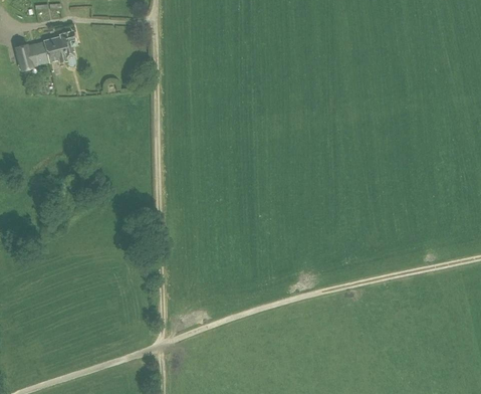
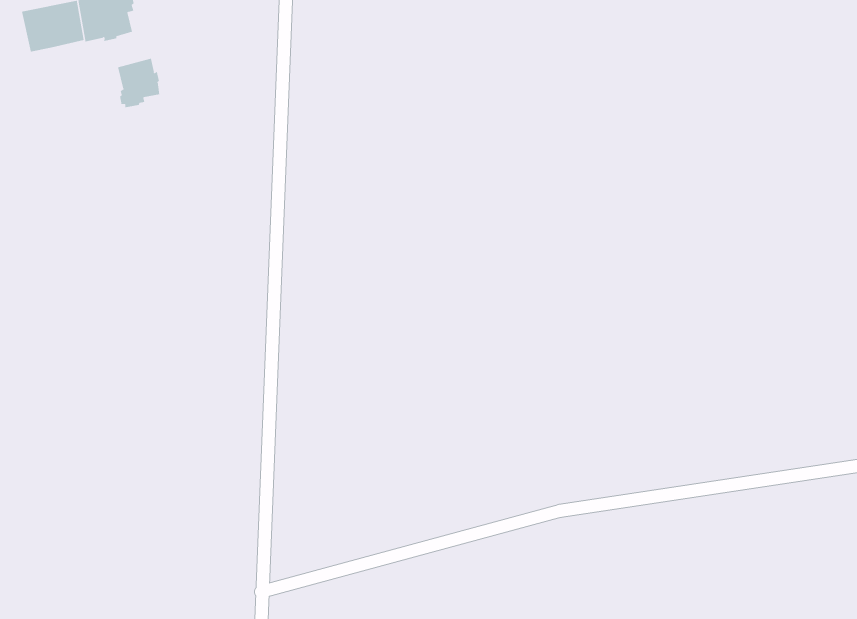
building: none -> [118,57,160,108]

